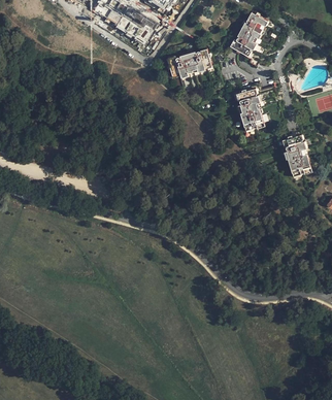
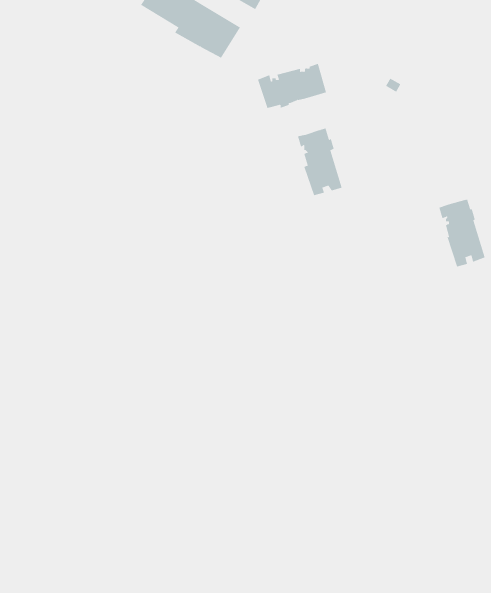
building: [229,12,266,57] -> none
building: [235,89,264,132] -> [297,128,343,196]

